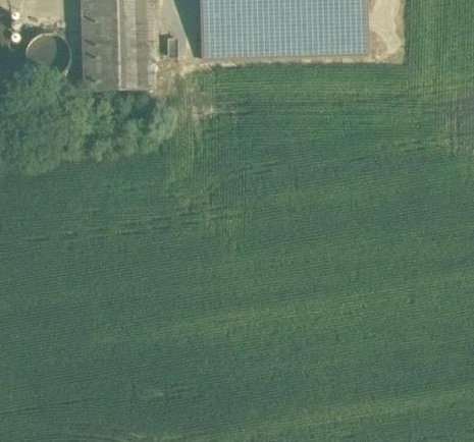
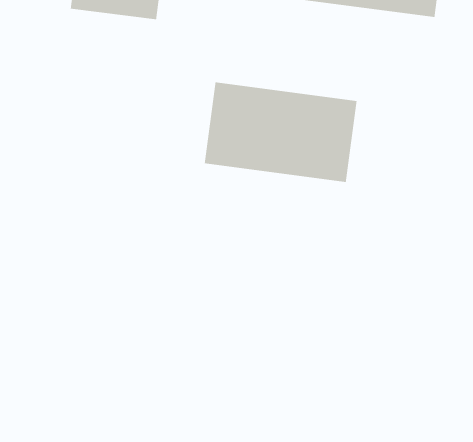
building: none -> [204,82,358,183]

